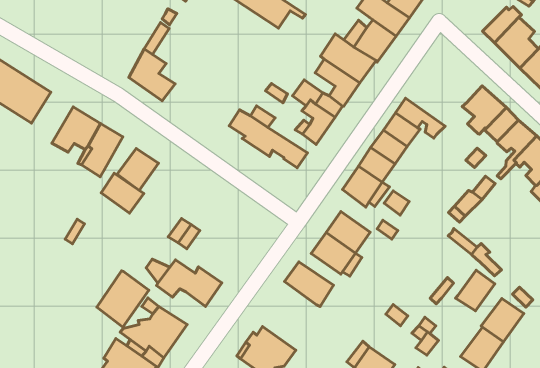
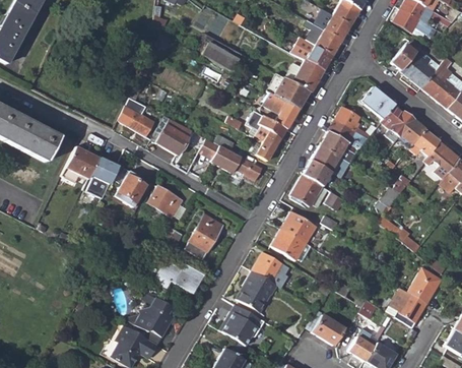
building: none -> [361,86,394,119]
building: none -> [151,116,192,156]
building: none -> [335,107,376,138]
building: [101,173,144,213] -> [149,186,183,217]
building: none -> [185,214,223,260]
building: [456,270,495,311] -> none
building: [97,271,149,327] -> none
building: none -> [237,269,278,312]

